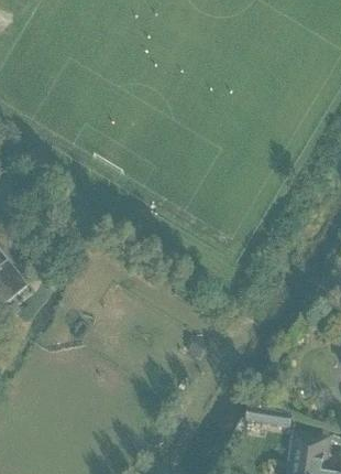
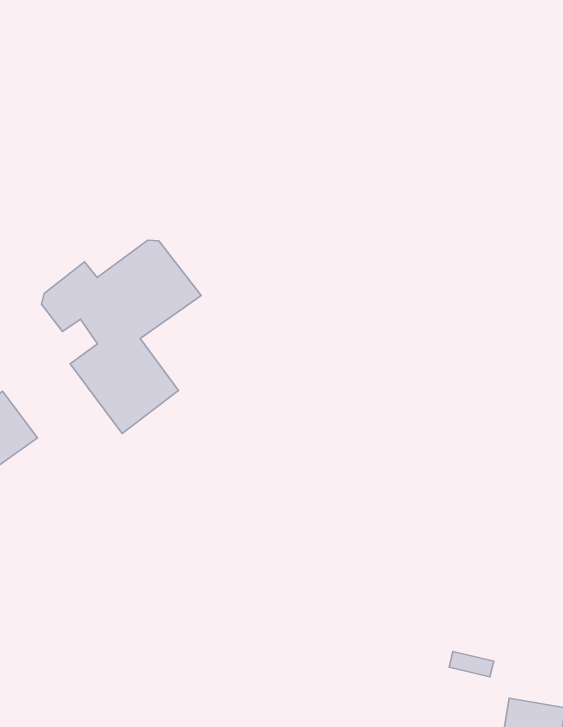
building: none -> [41,240,201,433]

